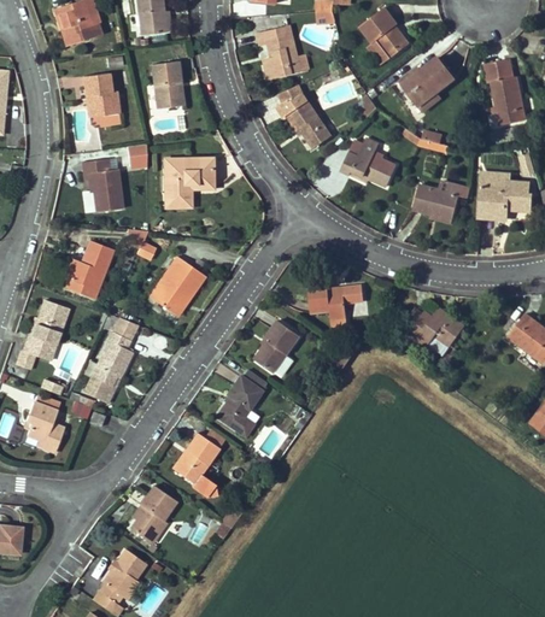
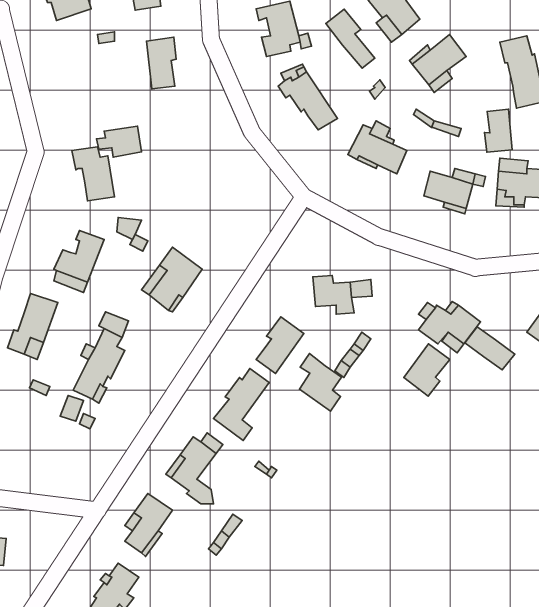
building: none -> [326,9,375,68]
building: [84,72,119,116] -> none
building: none -> [485,109,512,152]
building: [164,157,212,206] -> none
building: none -> [465,327,515,370]
building: none -> [404,344,450,396]
building: none -> [299,353,341,411]
building: [27,402,65,452] -> none

